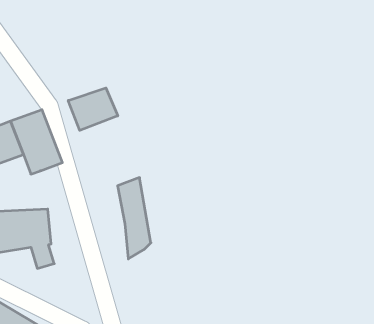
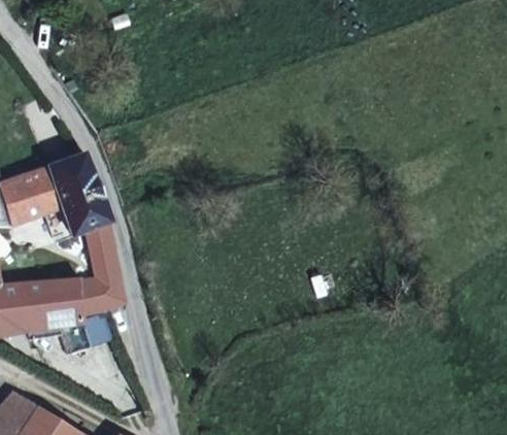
building: [68,88,118,130] -> none
building: [118,178,151,259] -> [78,222,121,325]

